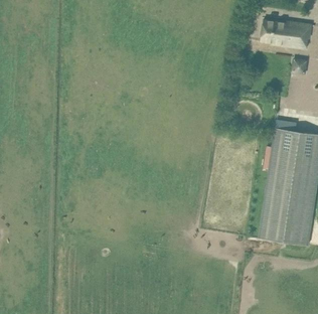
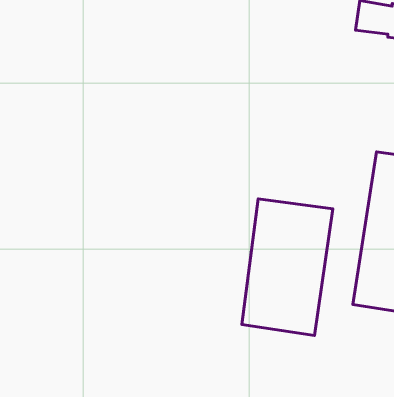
building: none -> [242,199,333,335]

